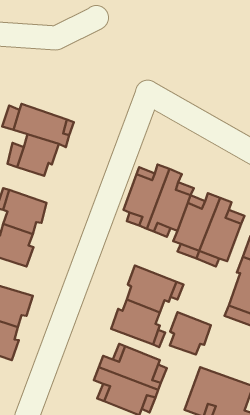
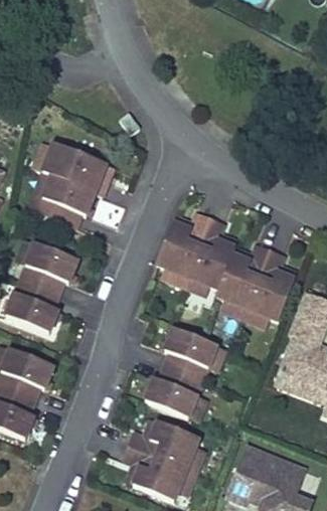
building: [170,312,211,355] -> none

